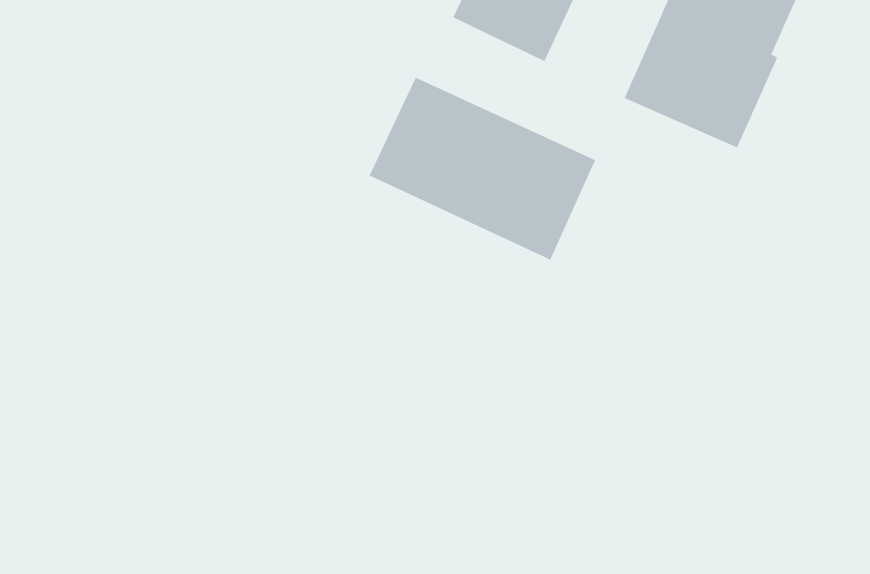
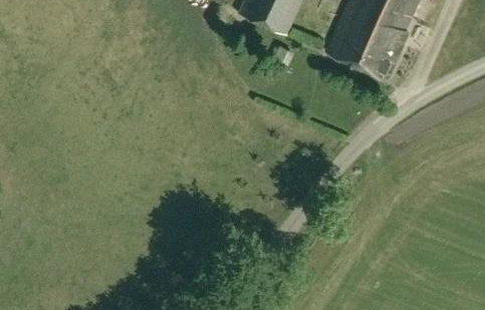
building: [369,77,596,260] -> none

